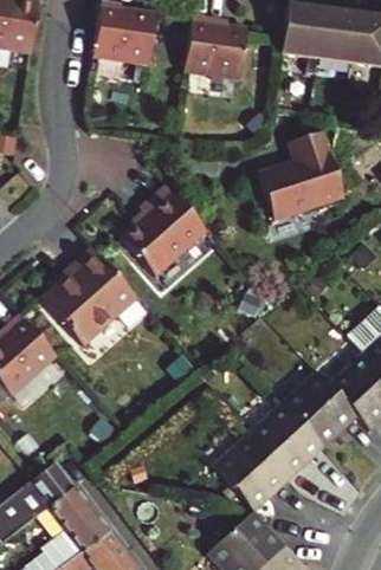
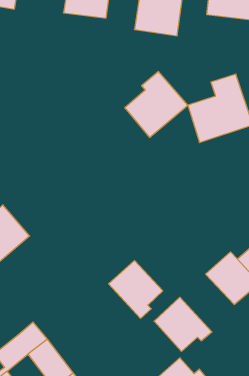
building: [120,187,204,274] -> [125,72,188,137]
building: [41,251,131,343] -> none
building: [250,401,322,478] -> [109,261,163,318]

